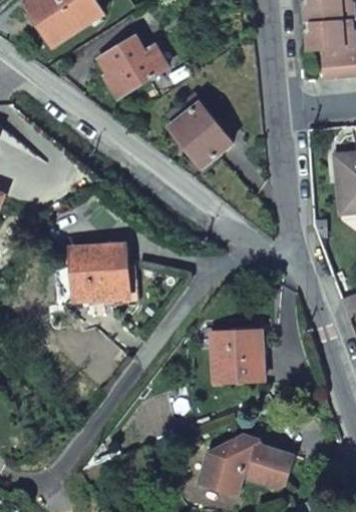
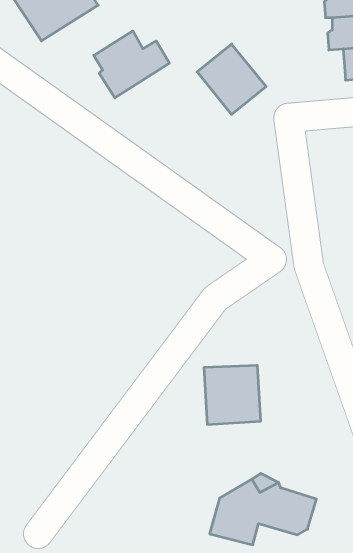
building: [169,101,232,164] -> [197,44,266,114]
building: [71,242,129,302] -> none

